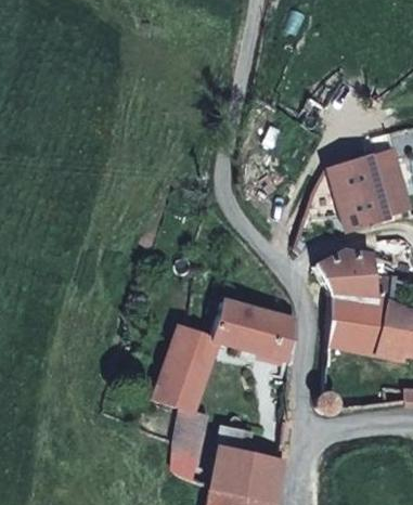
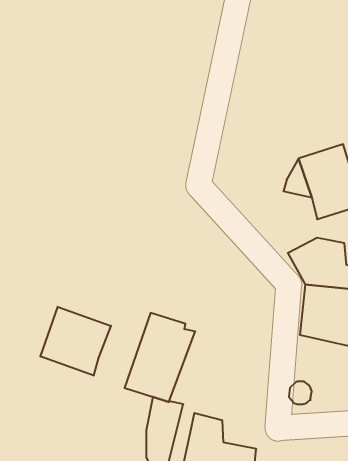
building: [211,300,297,362] -> none
building: none -> [40,307,111,376]

